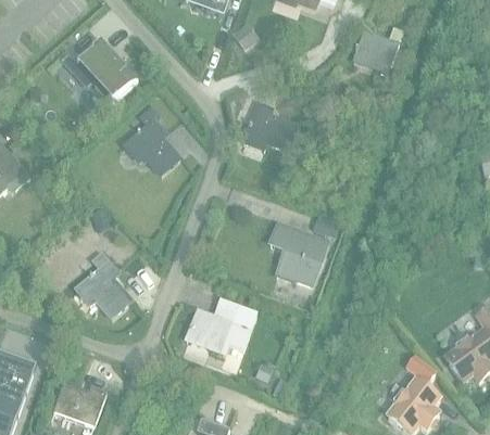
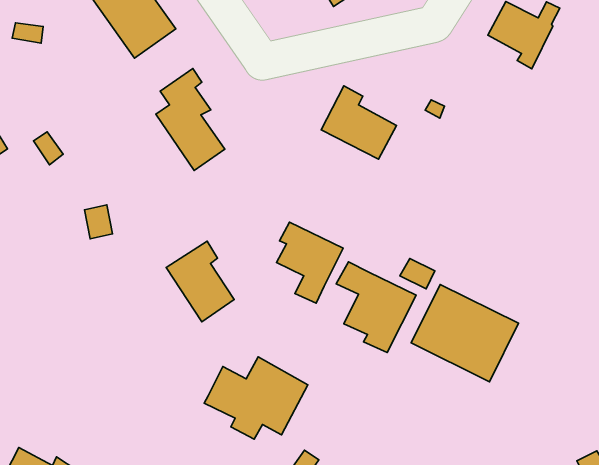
building: none -> [277,222,343,303]
building: none -> [411,284,518,382]
building: [81,261,131,318] -> [166,241,234,322]

